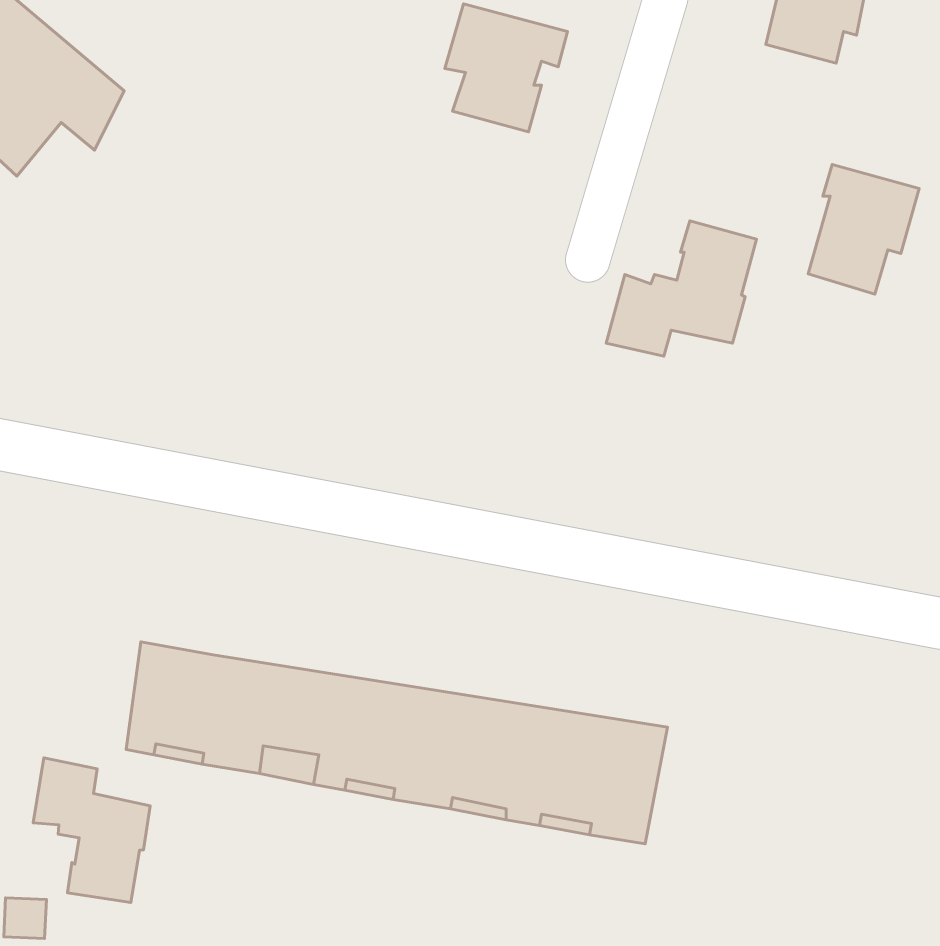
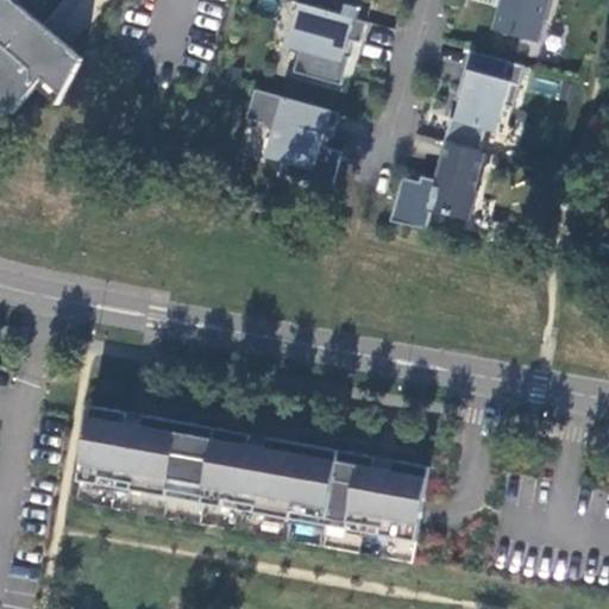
building: none -> [244,89,341,187]
building: [808,164,919,294] -> [452,50,523,133]
building: [33,758,150,902] -> none

